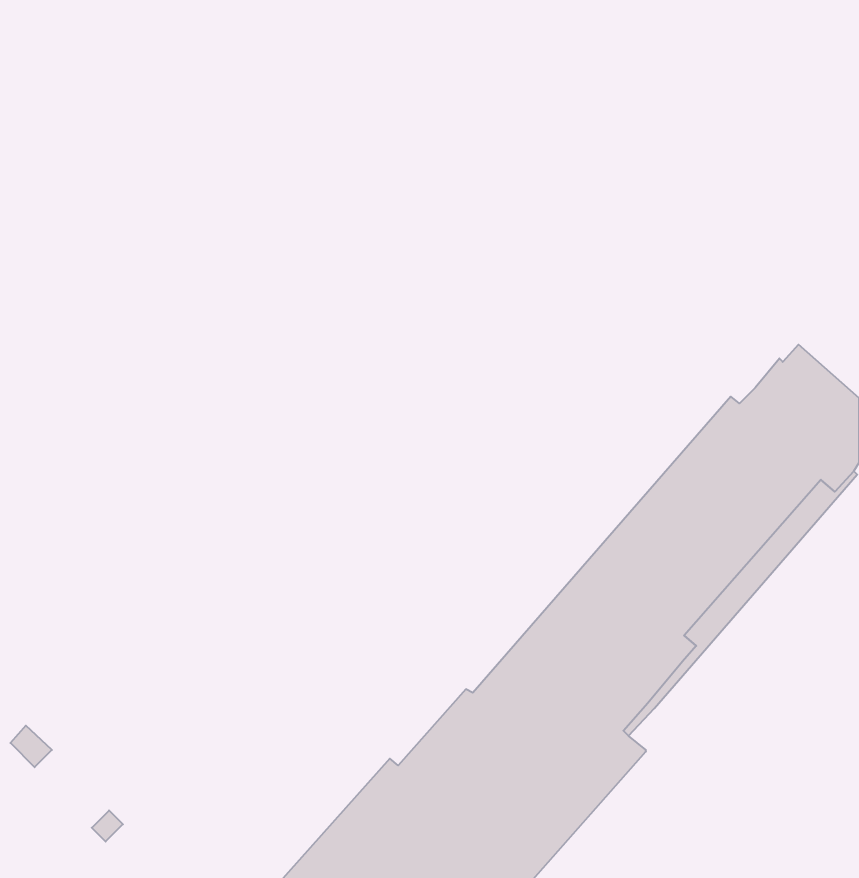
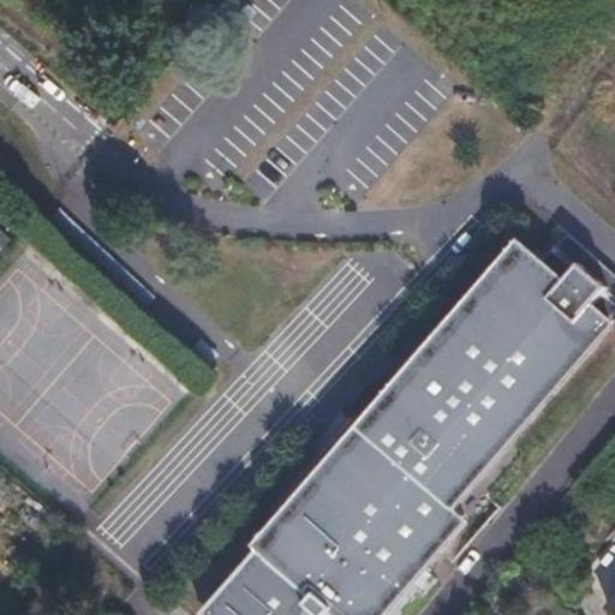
building: none -> [270,258,524,536]

